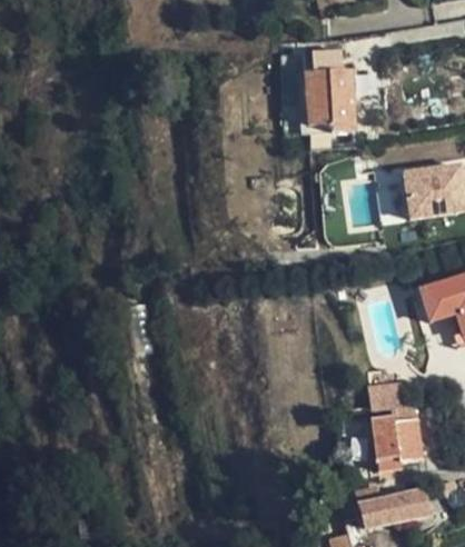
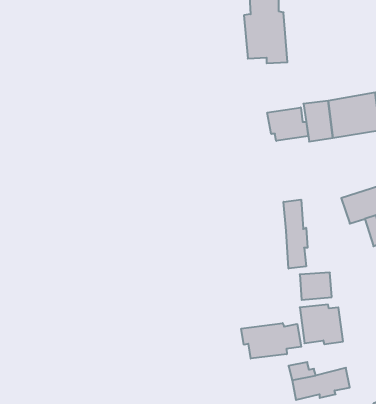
building: none -> [267,107,308,141]
building: none -> [284,200,308,269]
building: none -> [241,323,301,359]

